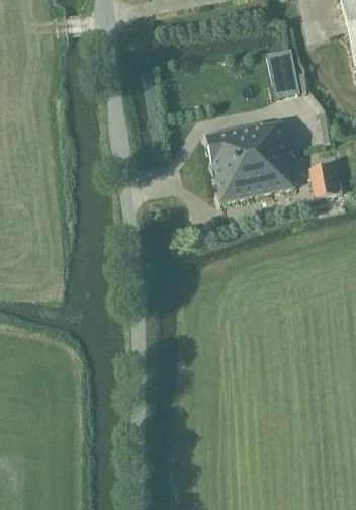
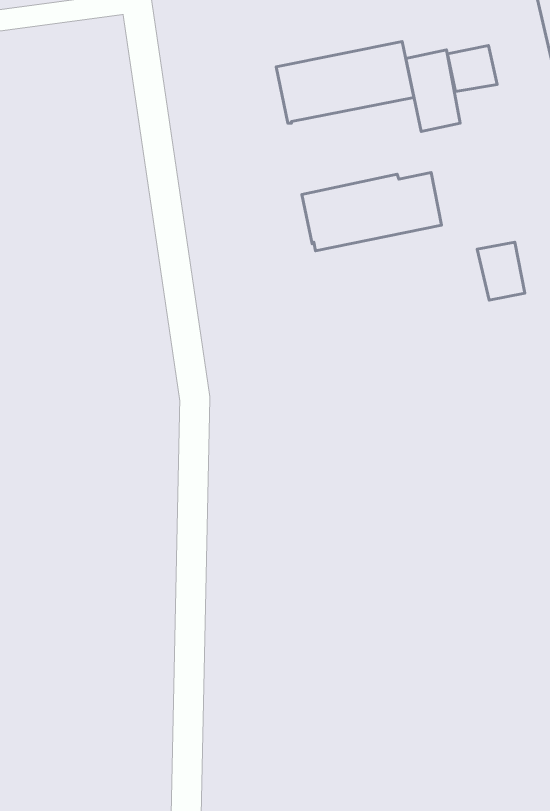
building: none -> [447,45,497,91]
building: [214,154,296,202] -> [276,41,414,123]

